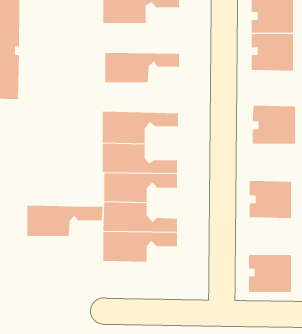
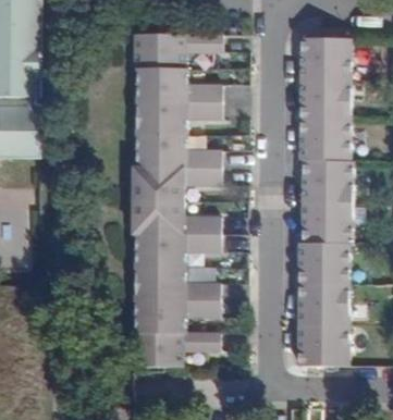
building: none -> [137,65,221,99]
building: none -> [299,118,348,158]
building: none -> [137,132,220,165]
building: none -> [302,200,351,242]
building: [26,205,103,236] -> [133,331,219,366]
building: none -> [297,282,346,323]

